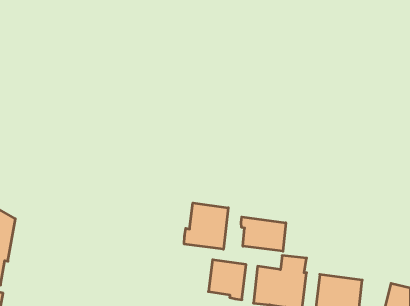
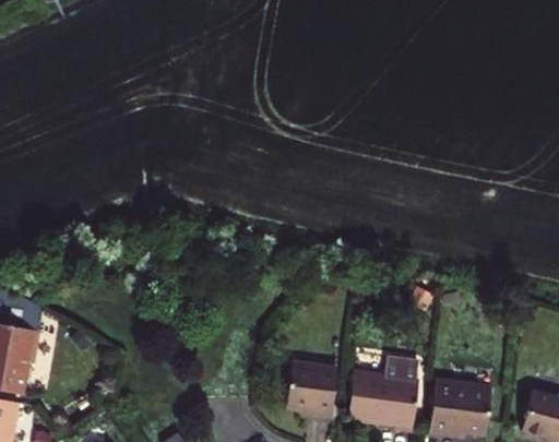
building: [184,203,228,249] -> none
building: [241,217,286,251] -> none

